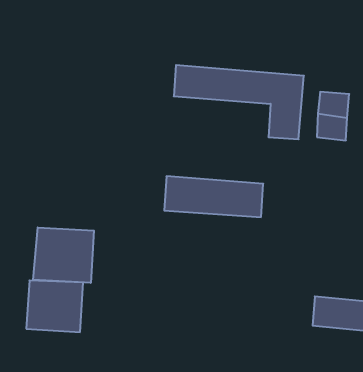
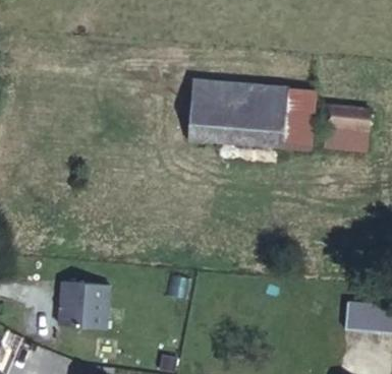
building: [164,176,263,217] -> [194,109,288,147]
building: [33,227,94,283] -> none

